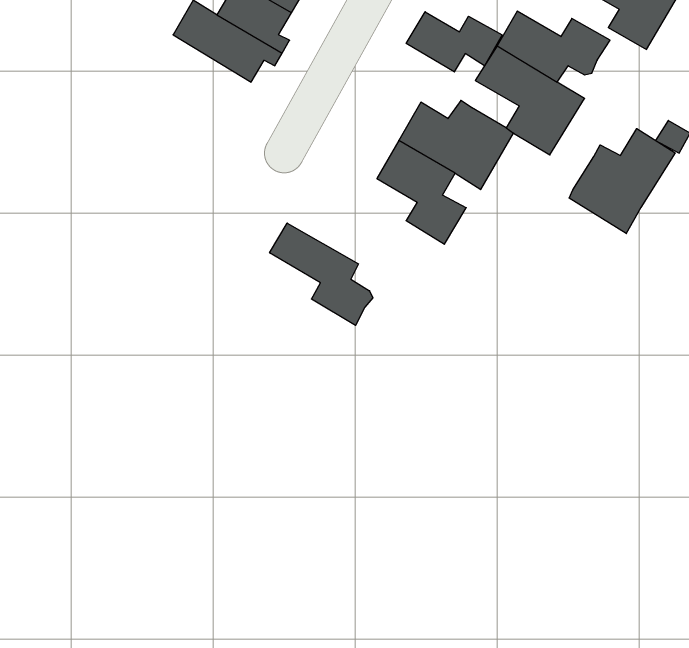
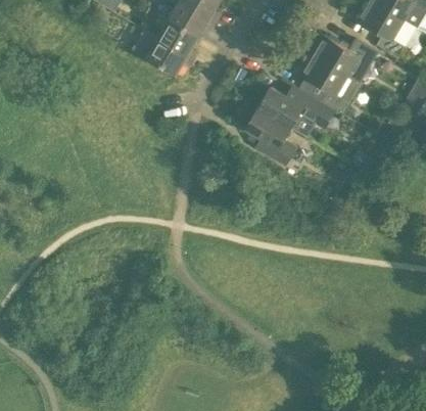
building: [406,12,502,72] -> none
building: [569,129,675,234] -> none
building: [270,223,373,325] -> none

